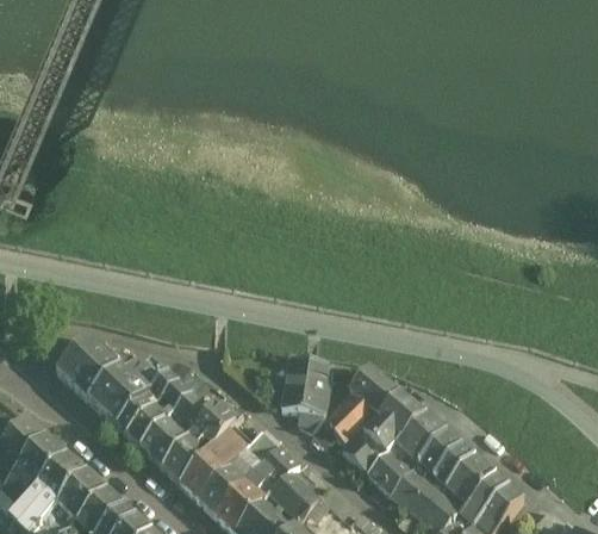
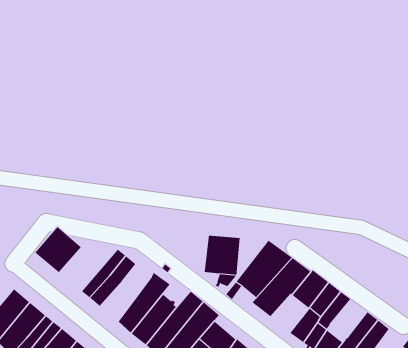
building: [89,359,169,426] -> none
building: [142,393,212,468] -> none
building: [368,445,419,496] -> none
building: [447,455,497,513] -> none

